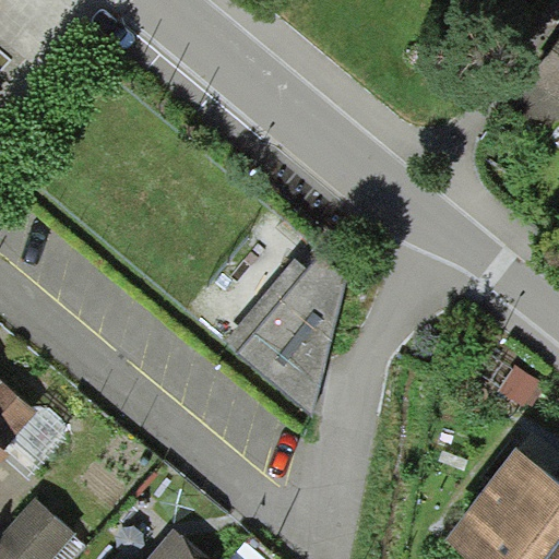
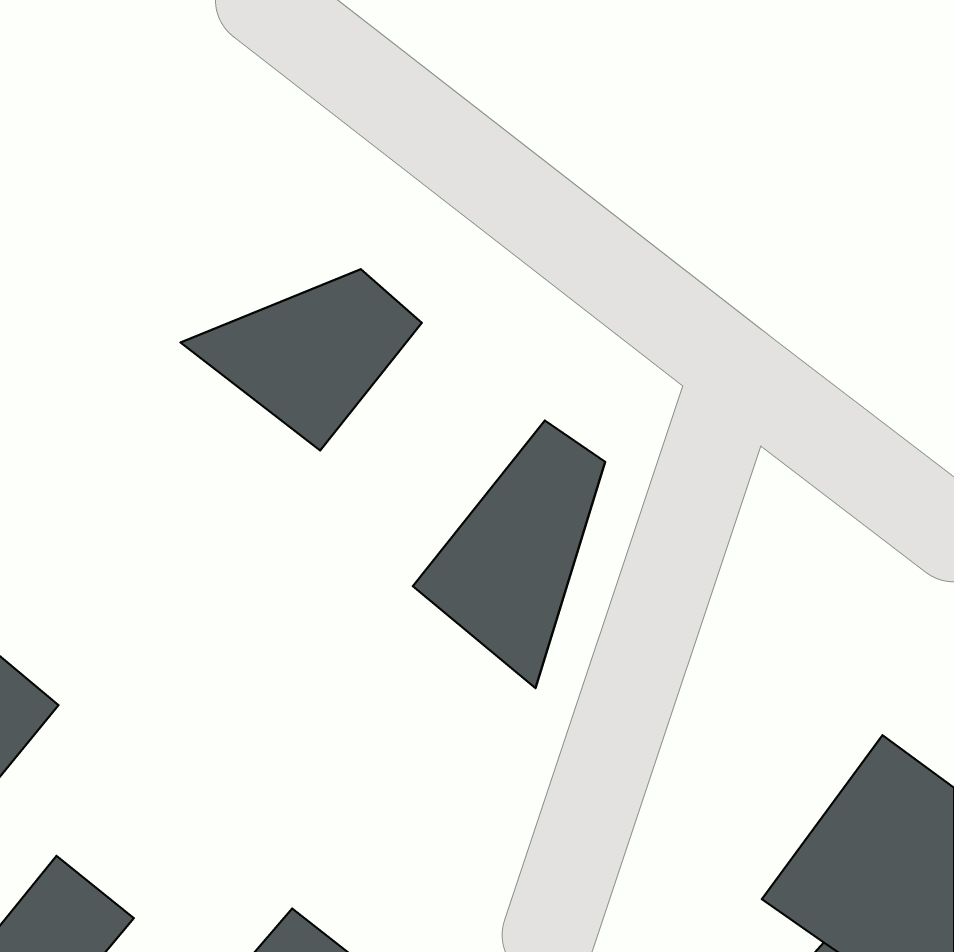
building: none -> [180,269,422,451]

